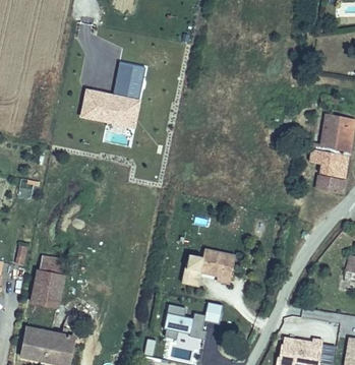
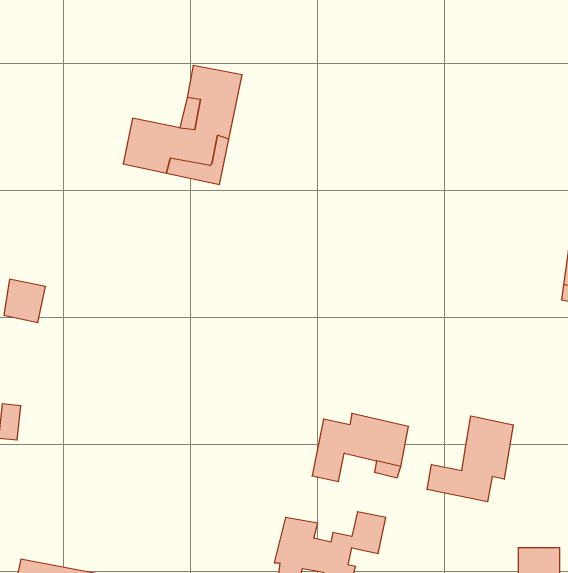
building: none -> [427,416,513,502]
building: [32,255,64,307] -> none

